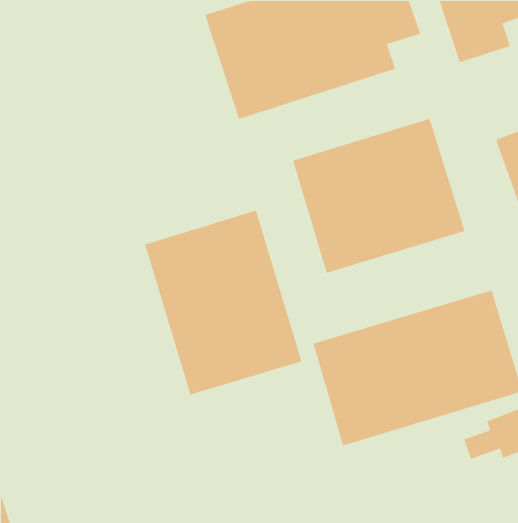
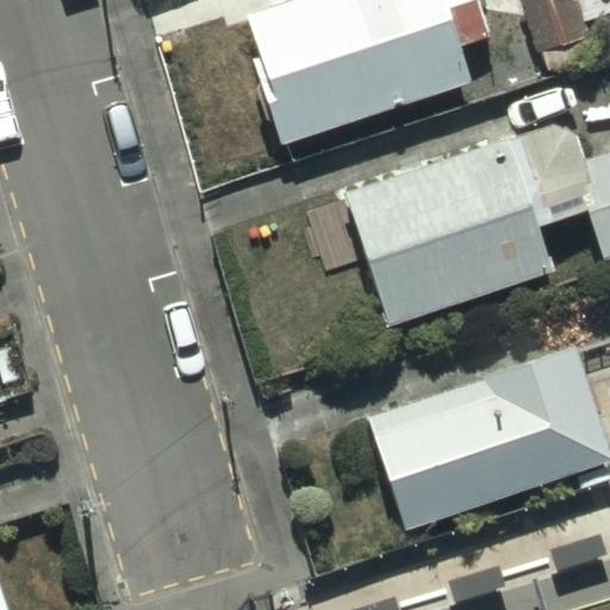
building: [144,210,303,396] -> none

